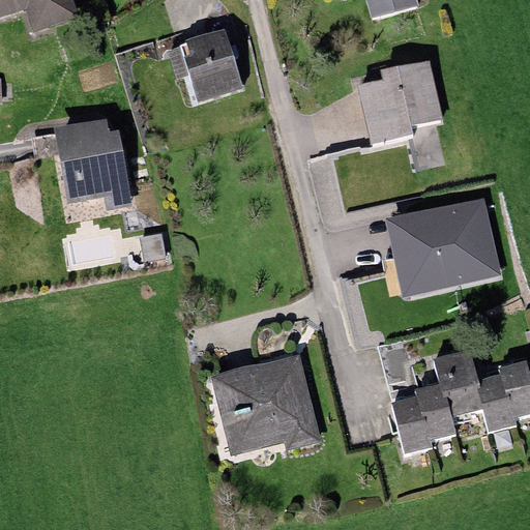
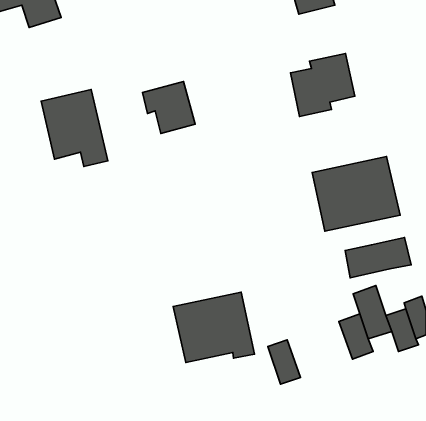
building: [172,35,237,99] -> [142,82,195,134]
building: none -> [345,237,411,278]
building: [395,398,436,452] -> [268,340,300,384]

